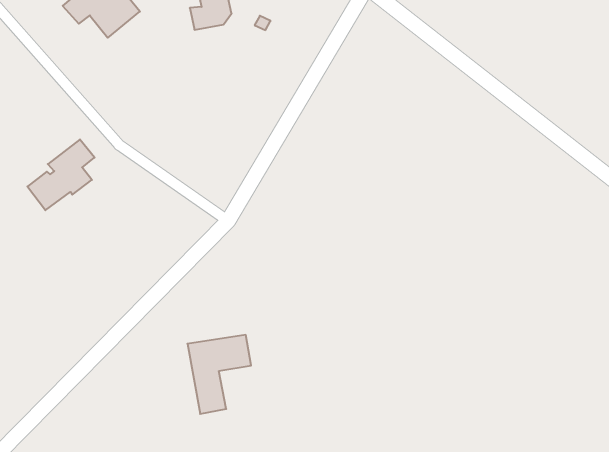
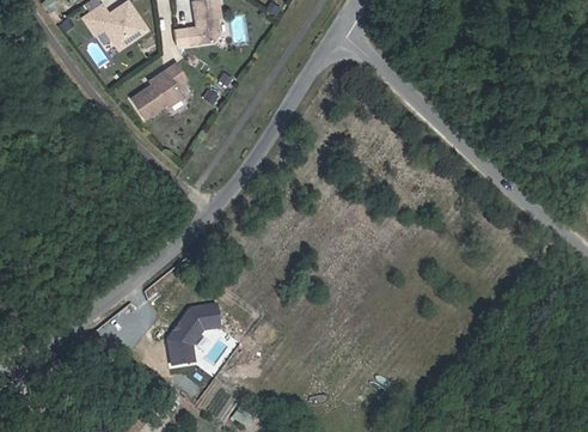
building: [27,139,95,210] -> [134,62,190,117]

